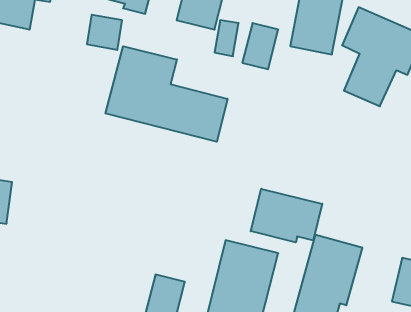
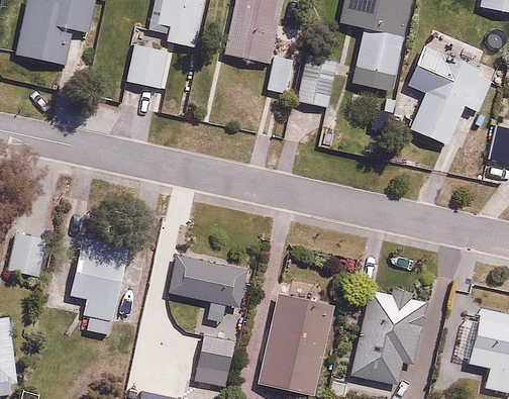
building: [105,46,227,142] -> none
building: none -> [69,232,129,334]
building: [251,189,322,242] -> none
building: none -> [168,255,248,310]

